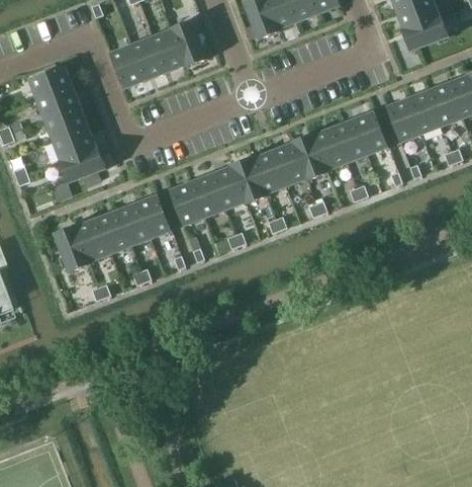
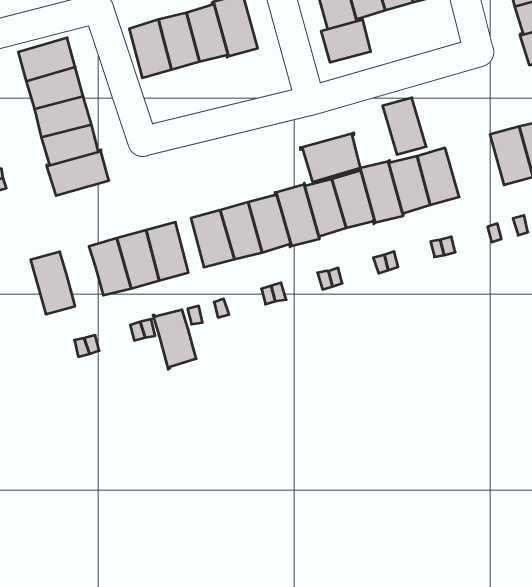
building: none -> [321,20,371,62]
building: [353,110,388,154] -> [383,98,426,155]
building: none -> [300,133,360,182]
building: [74,218,109,263] -> [153,310,196,369]

